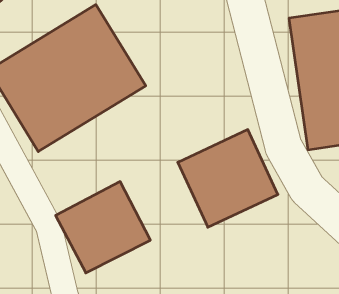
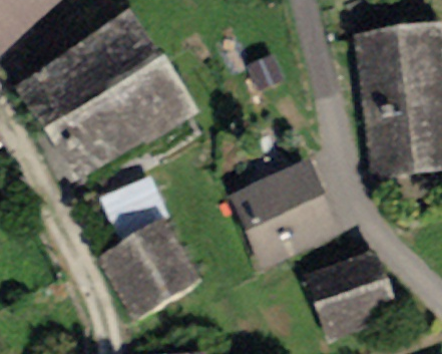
building: none -> [305,245,396,331]

